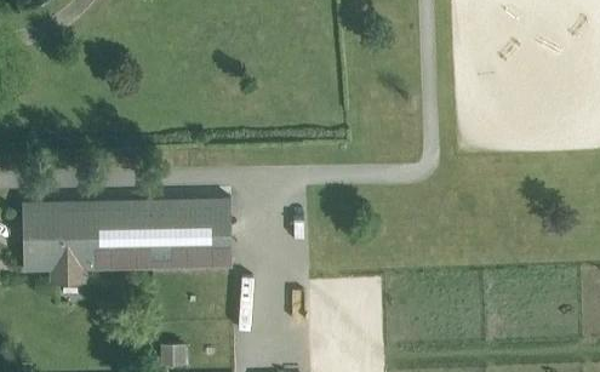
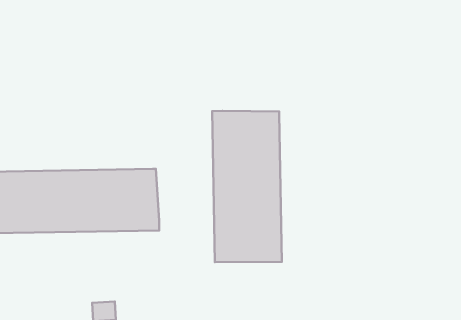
building: none -> [212,111,282,262]

